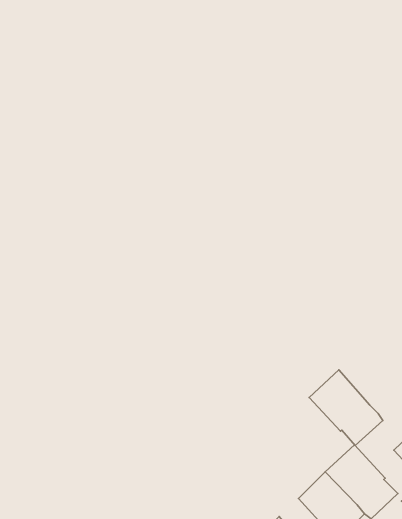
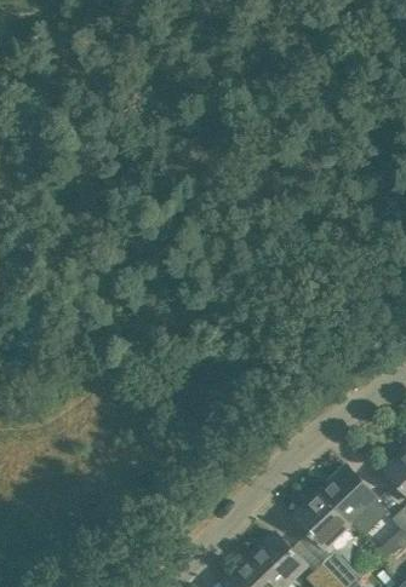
building: [309,370,383,446] -> none

